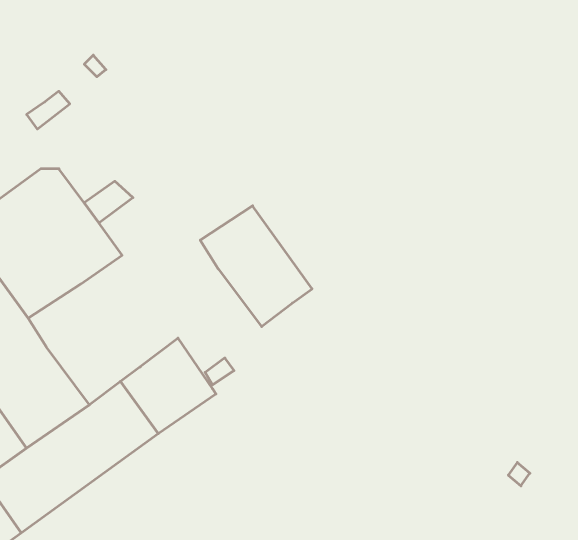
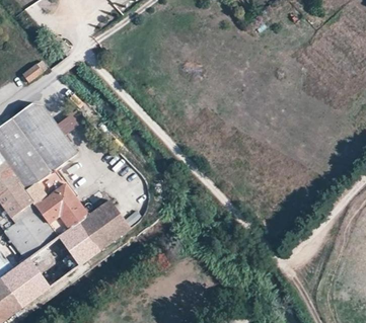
building: [200,206,312,327] -> [25,168,88,236]

